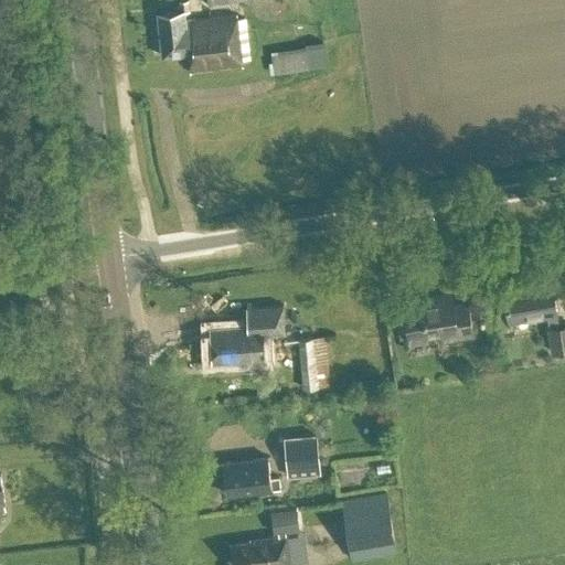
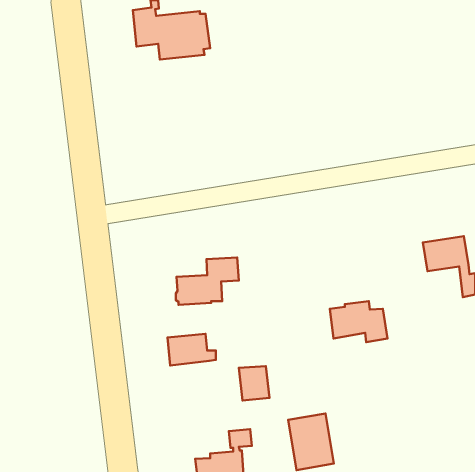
building: [270,43,326,74] -> none
building: [404,298,472,347] -> [330,301,387,342]
building: [298,340,330,392] -> none
building: [222,460,279,498] -> [167,334,216,365]

